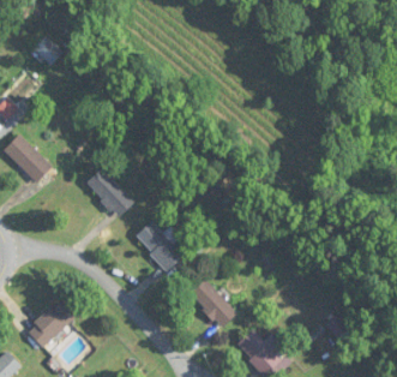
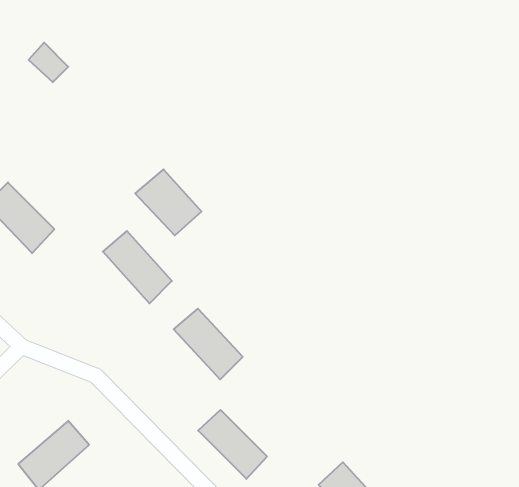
building: none -> [135,169,201,235]
building: [188,279,236,327] -> [198,410,267,479]

